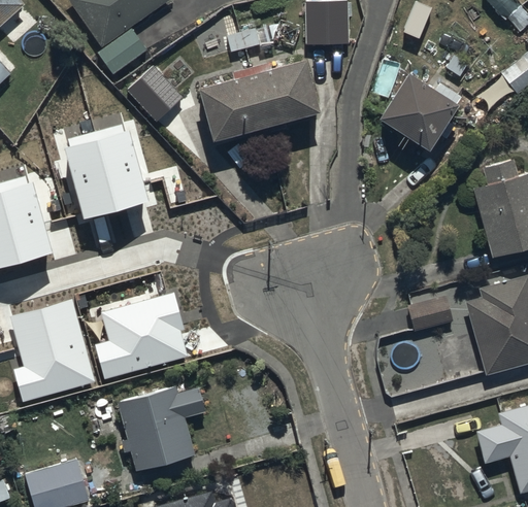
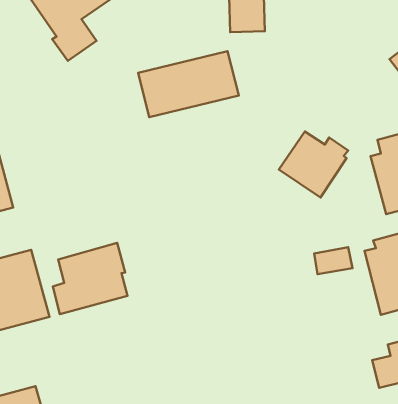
building: [127,64,183,120] -> none
building: [377,77,460,156] -> [279,131,348,197]
building: [67,131,146,215] -> none
building: [117,388,205,471] -> none

